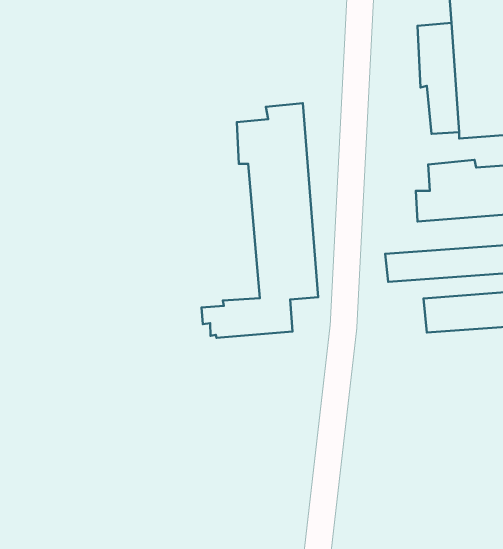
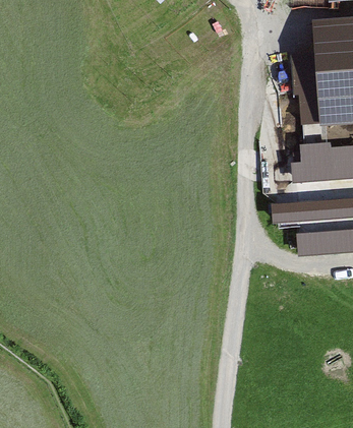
building: [201,103,318,338] -> none

